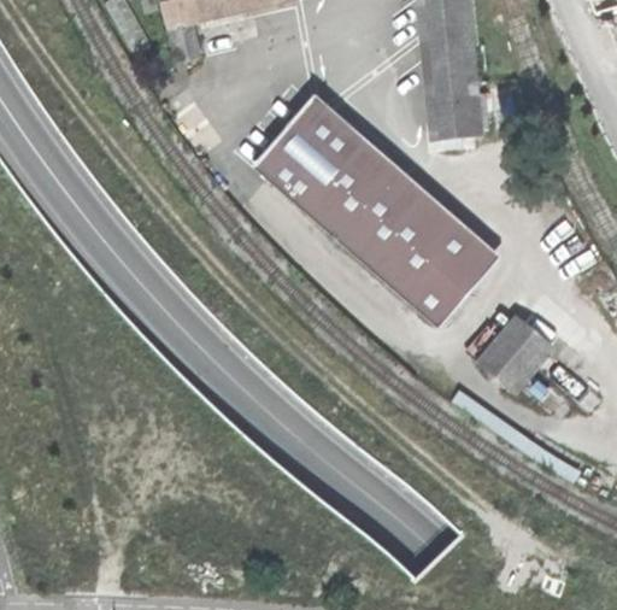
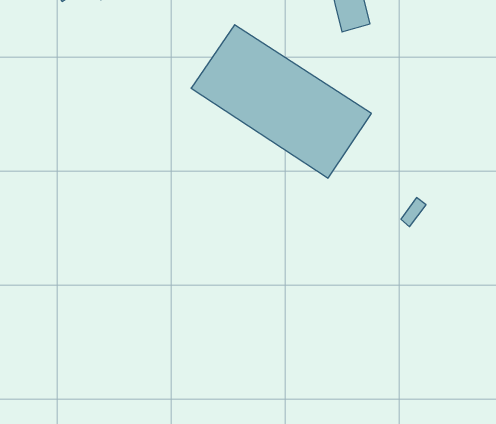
building: [401,223,489,316] -> none
building: [489,321,548,383] -> none

